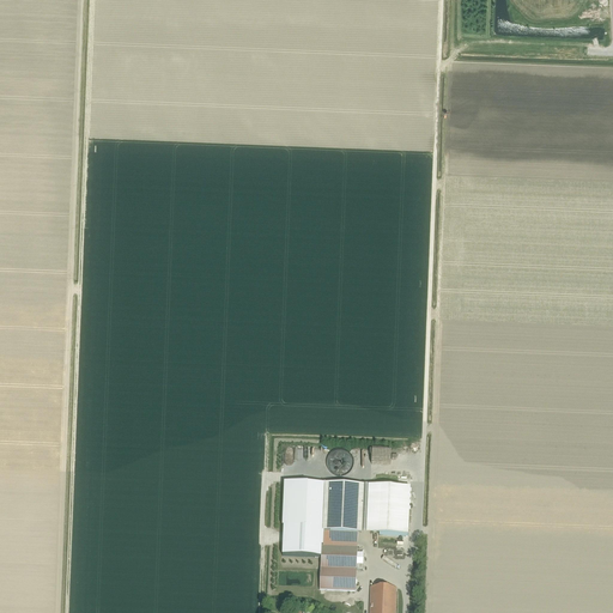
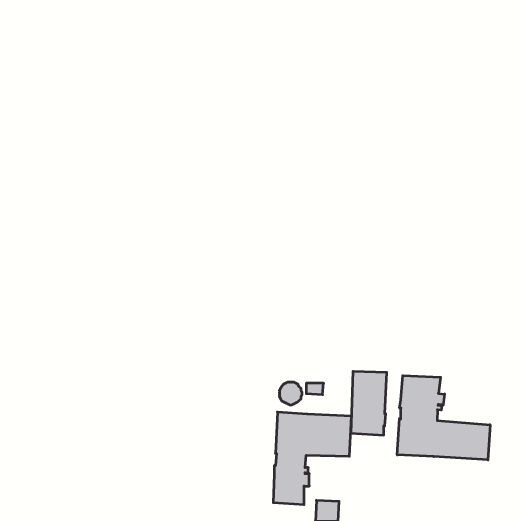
building: none -> [397,376,490,460]
building: [281,479,323,553] -> [351,371,387,435]

